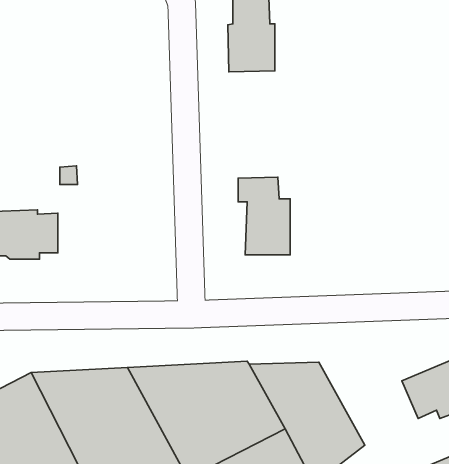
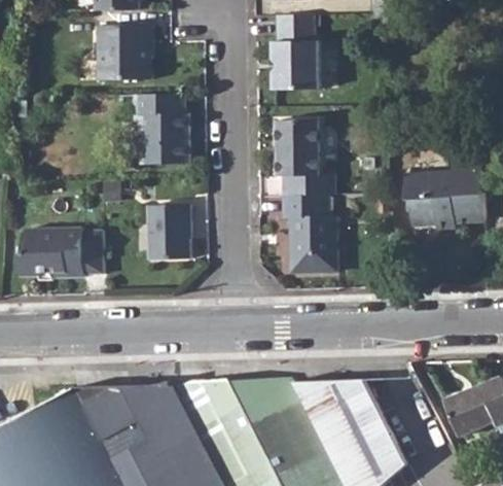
building: none -> [100,25,153,80]
building: none -> [133,94,188,165]
building: none -> [274,117,333,195]
building: none -> [406,162,486,228]
building: none -> [146,207,190,262]

